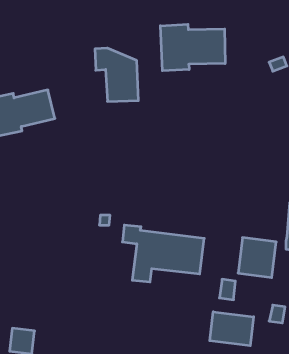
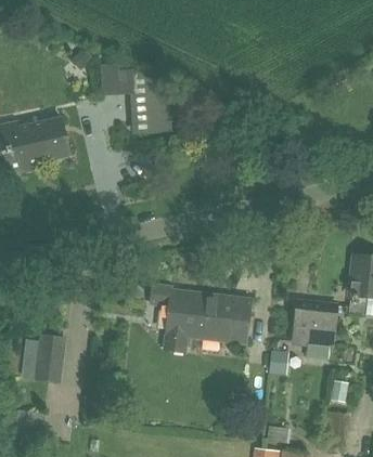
building: [160,24,225,71] -> none
building: none -> [34,332,66,381]
building: [210,312,254,346] -> none

